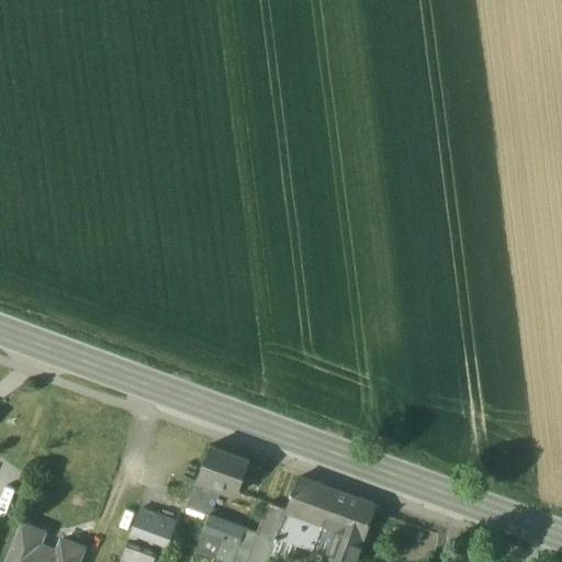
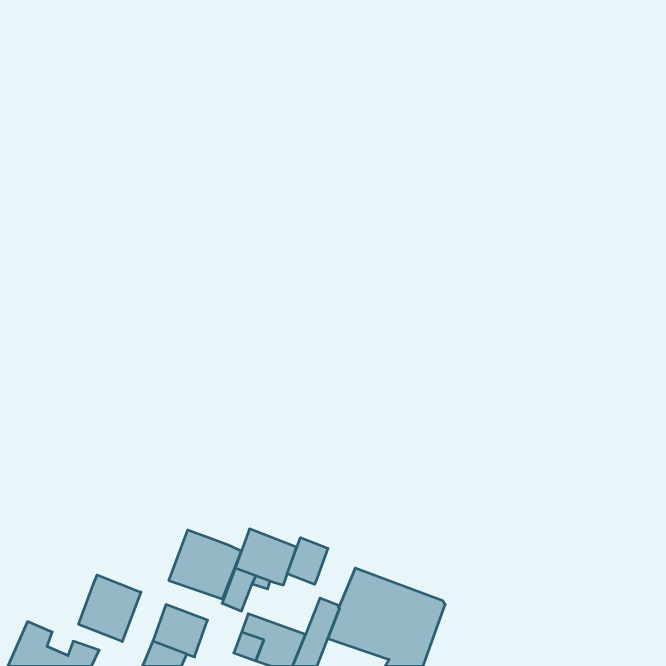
building: none -> [169,530,241,599]
building: none -> [287,538,328,584]
building: none -> [79,575,141,642]

